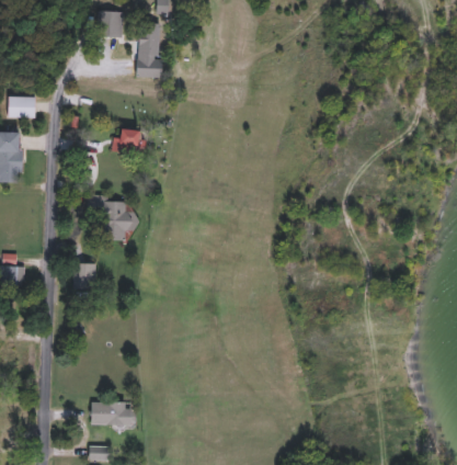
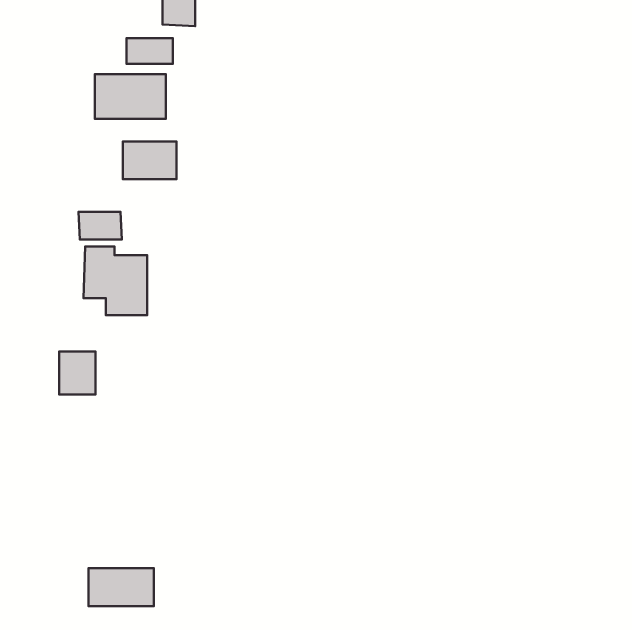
building: none -> [95,74,166,119]
building: none -> [79,212,122,239]

